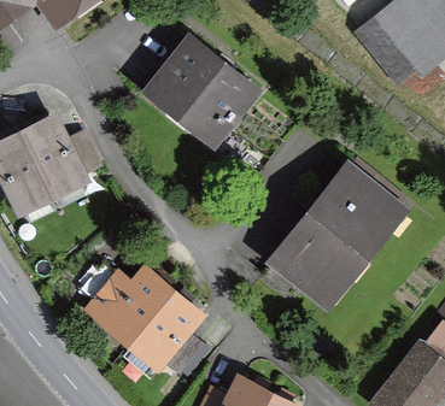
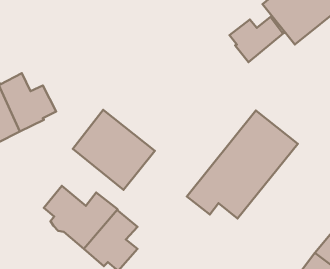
building: [151,40,254,141] -> [73,110,155,190]
building: none -> [229,17,285,62]

